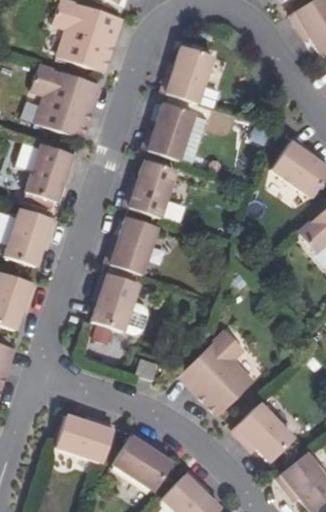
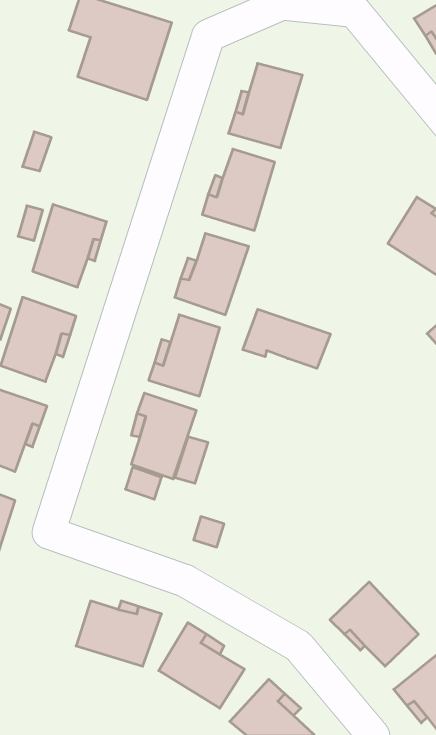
building: [31,65,100,138] -> none
building: none -> [243,309,330,368]
building: [179,331,254,417] -> none

